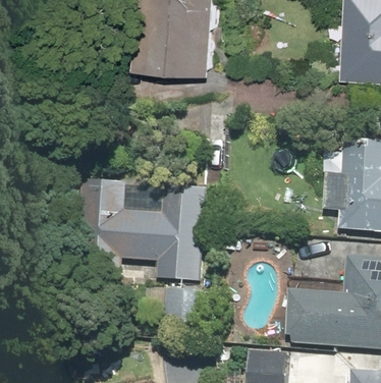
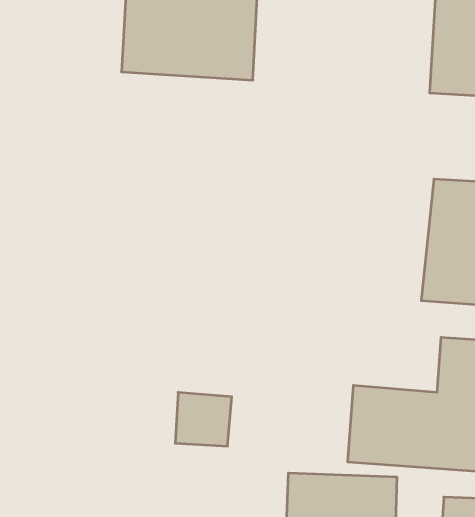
building: [92,181,209,279] -> none

